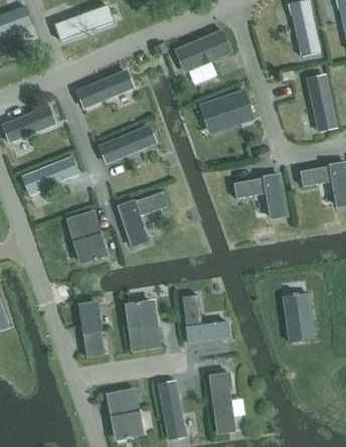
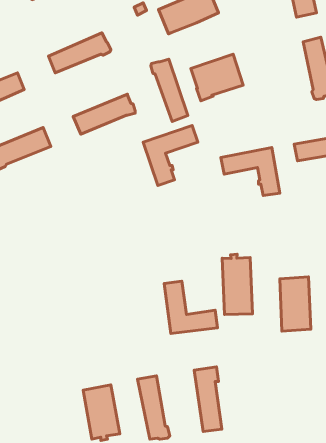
building: none -> [151,59,188,121]
building: [119,191,168,246] -> [143,125,198,185]
building: [68,211,106,262] -> none
building: none -> [222,254,253,314]
building: [128,302,159,350] -> none
building: [78,303,105,357] -> none

